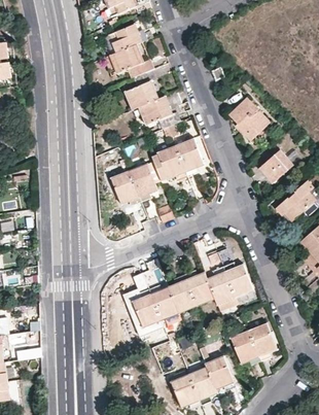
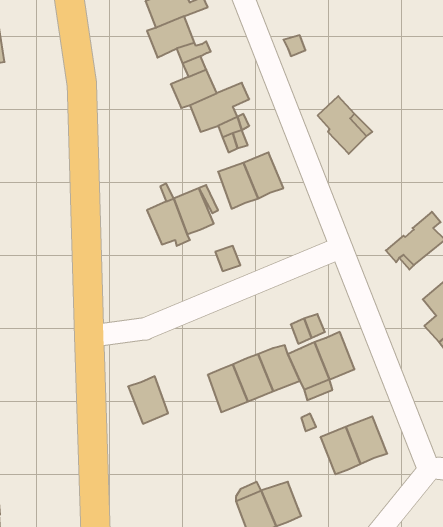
building: [259,149,293,183] -> none
building: [133,293,161,326] -> [128,376,168,424]
building: [204,354,233,386] -> none

